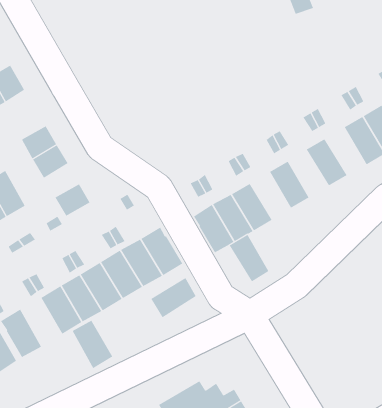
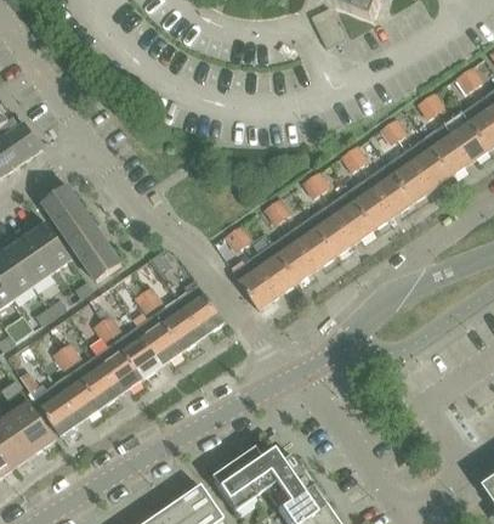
building: none -> [368,164,414,215]
building: none -> [330,191,375,242]
building: none -> [29,222,73,272]
building: none -> [70,224,109,261]
building: [229,234,269,282] -> [291,218,336,269]
building: [151,277,196,318] -> none
building: [72,320,113,369] -> [56,370,102,422]

